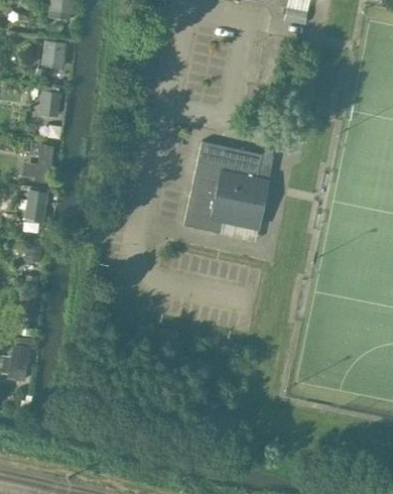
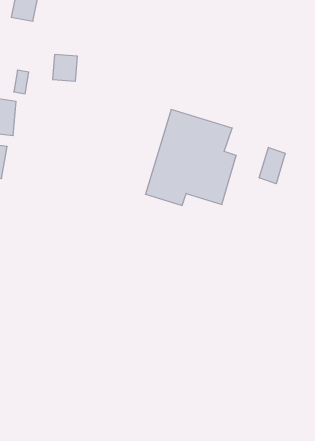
building: [39,91,61,115] -> [53,55,77,81]
building: none -> [259,147,285,184]

